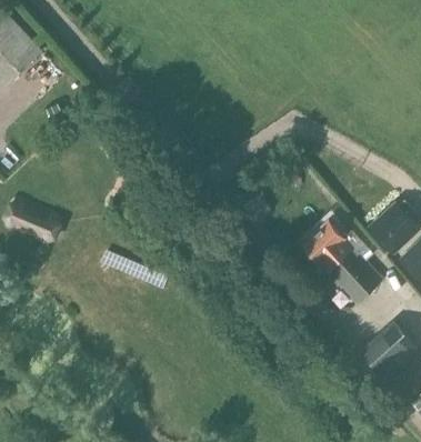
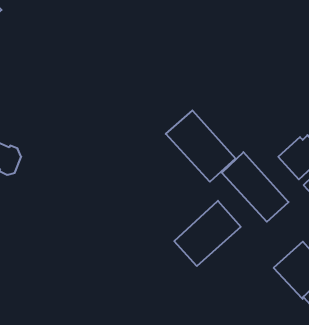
building: none -> [166,110,235,182]
building: none -> [174,201,241,266]

